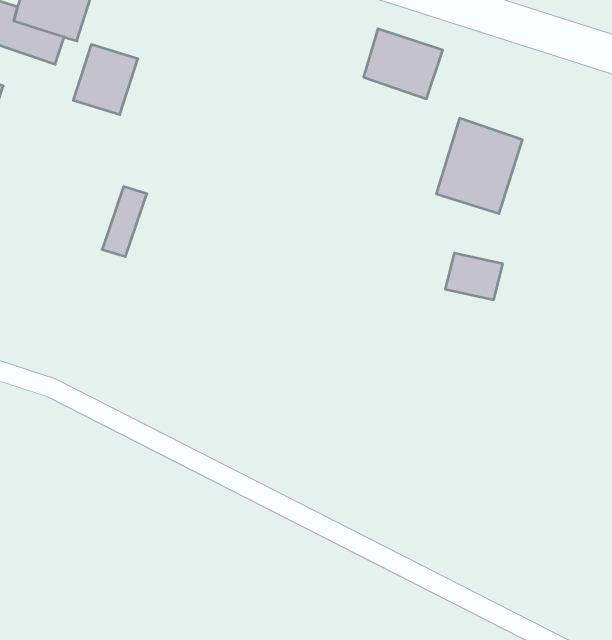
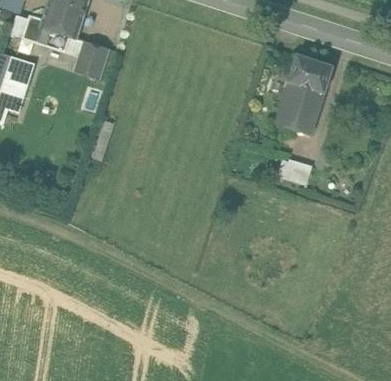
building: [364,29,443,99] -> [287,55,331,94]

